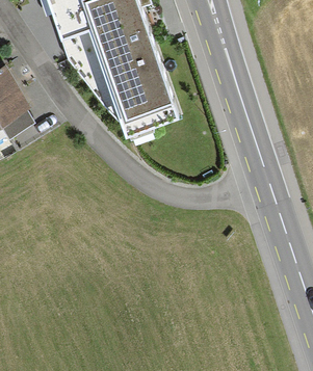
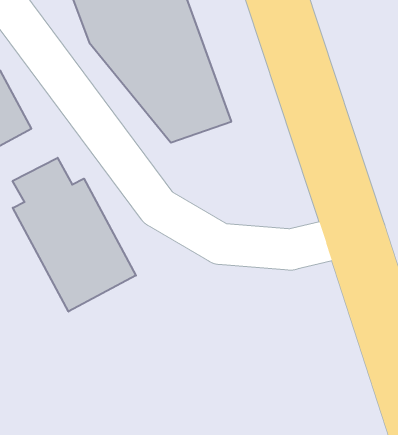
building: none -> [13,158,136,312]

